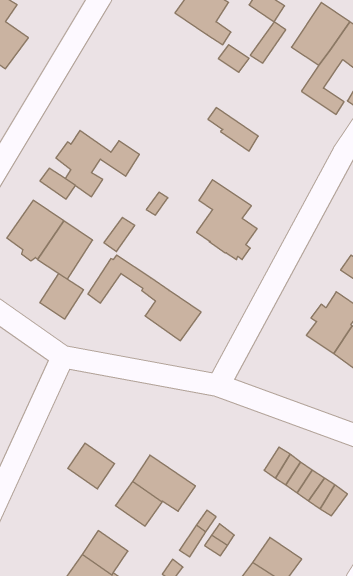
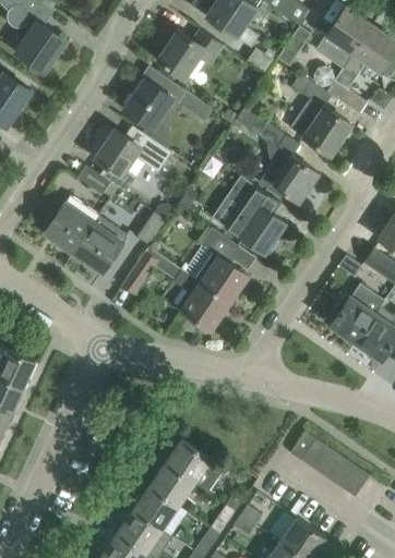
building: none -> [157,29,224,80]
building: none -> [290,74,351,156]
building: none -> [123,78,212,129]
building: none -> [259,150,318,203]
building: none -> [200,228,248,303]
building: [40,273,83,319] -> none
building: [68,443,115,489] -> [132,487,177,531]

